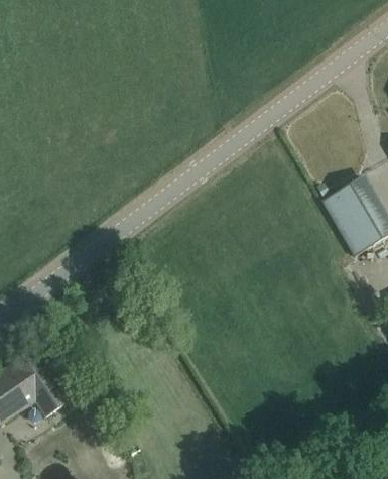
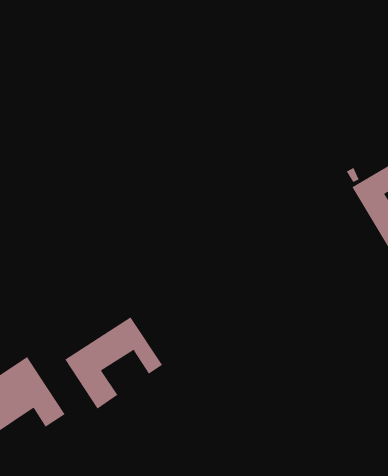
building: none -> [64,316,163,409]

